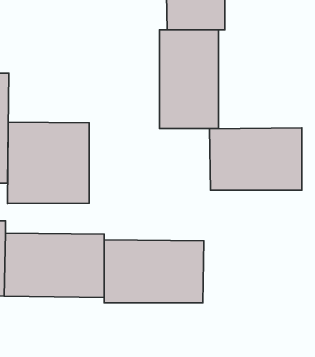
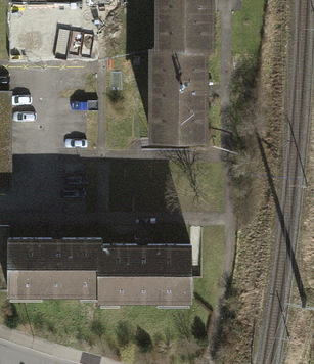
building: [7,122,89,204] -> none
building: [210,128,302,190] -> none

